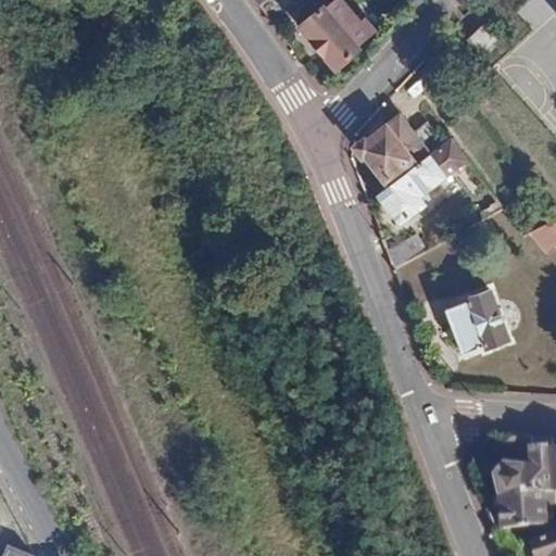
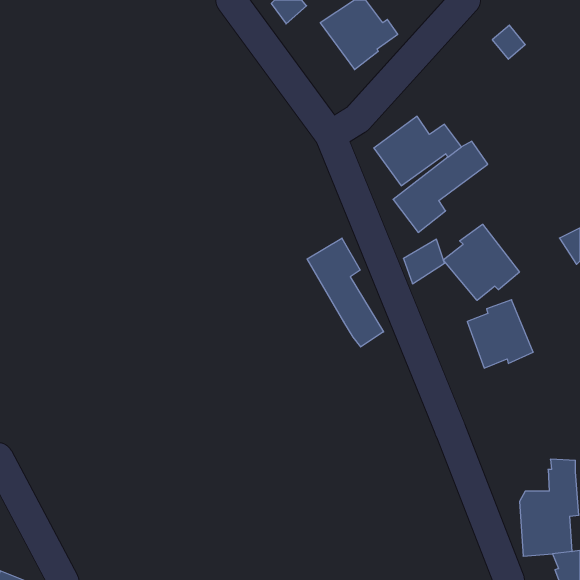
building: none -> [443,224,519,300]
building: none -> [307,238,384,347]

